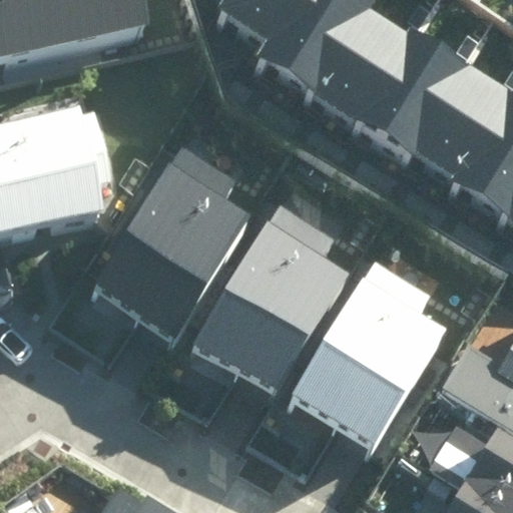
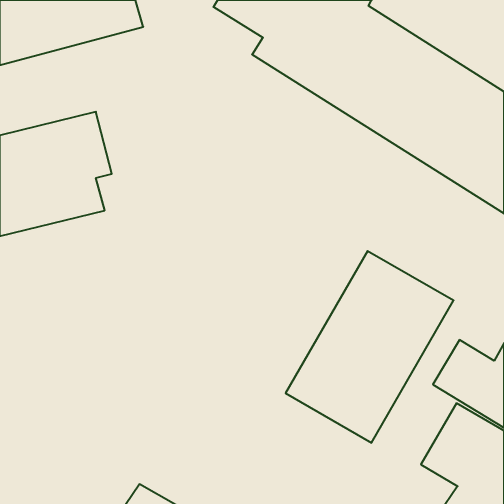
building: [91,143,247,339] -> none
building: [187,206,358,397] -> none

